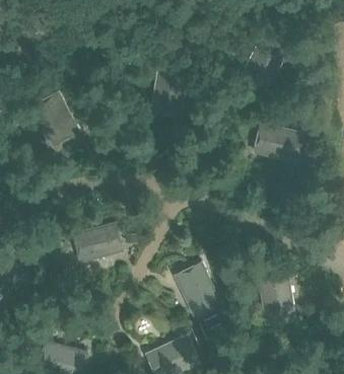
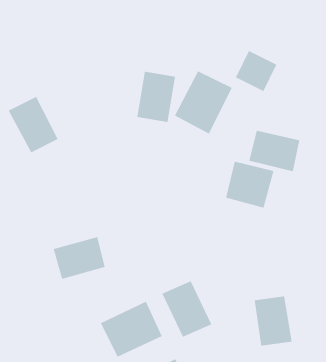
building: none -> [174,71,233,135]
building: none -> [226,161,274,208]
building: none -> [100,301,163,358]

